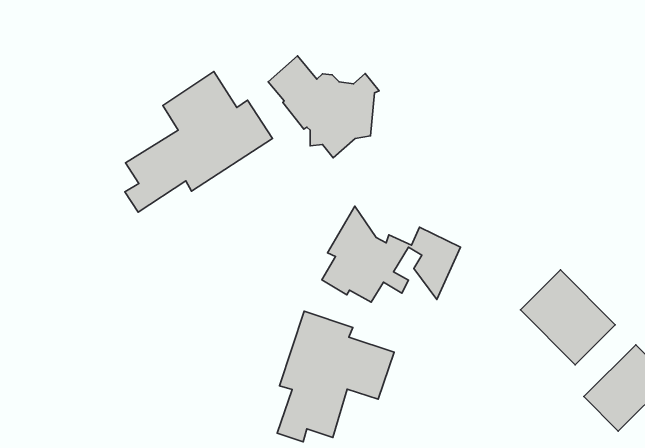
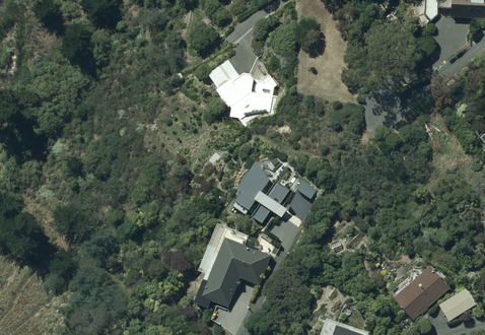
building: [125,72,272,212] -> none
building: [521,270,615,365] -> none

